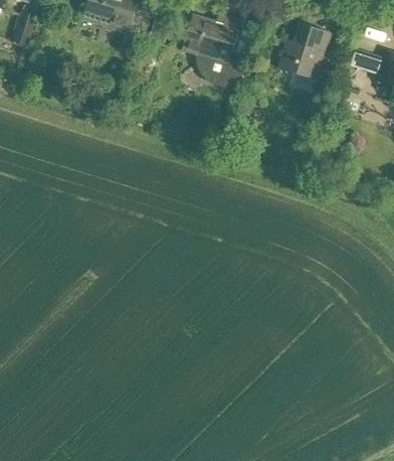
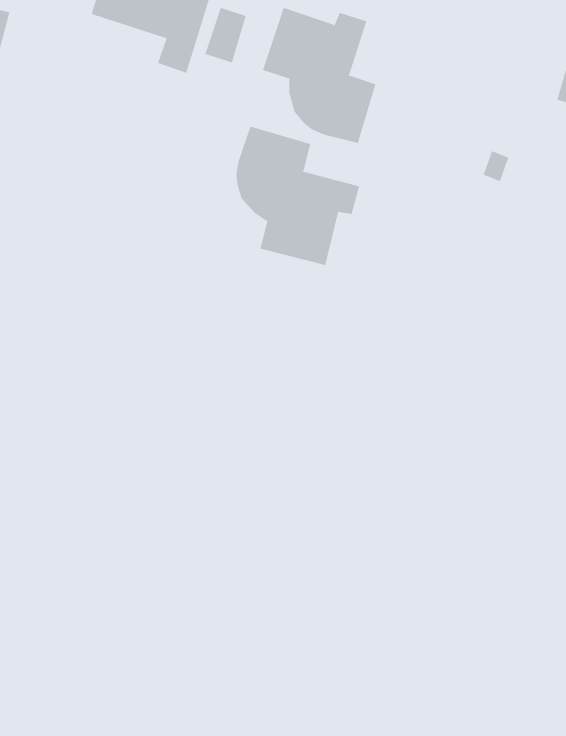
building: [277,23,331,91] -> none
building: none -> [236,126,360,266]

